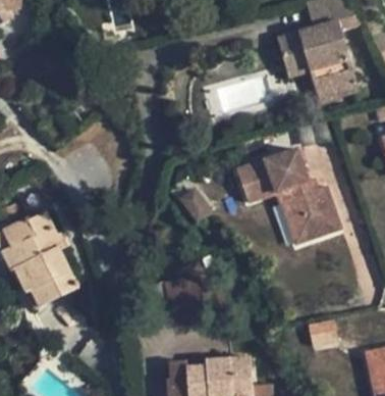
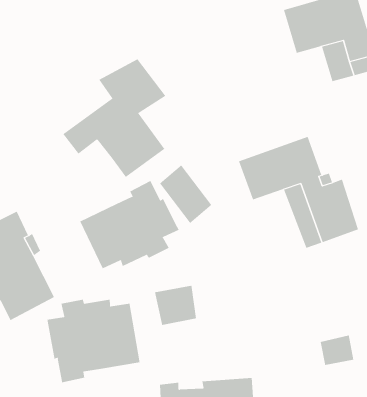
building: none -> [63,58,166,178]
building: none -> [80,180,179,269]
building: none -> [47,299,140,383]

